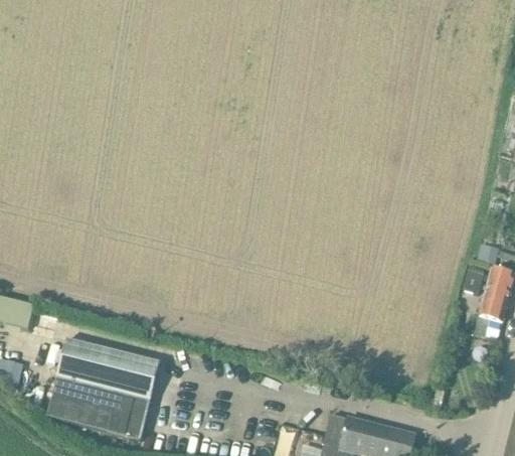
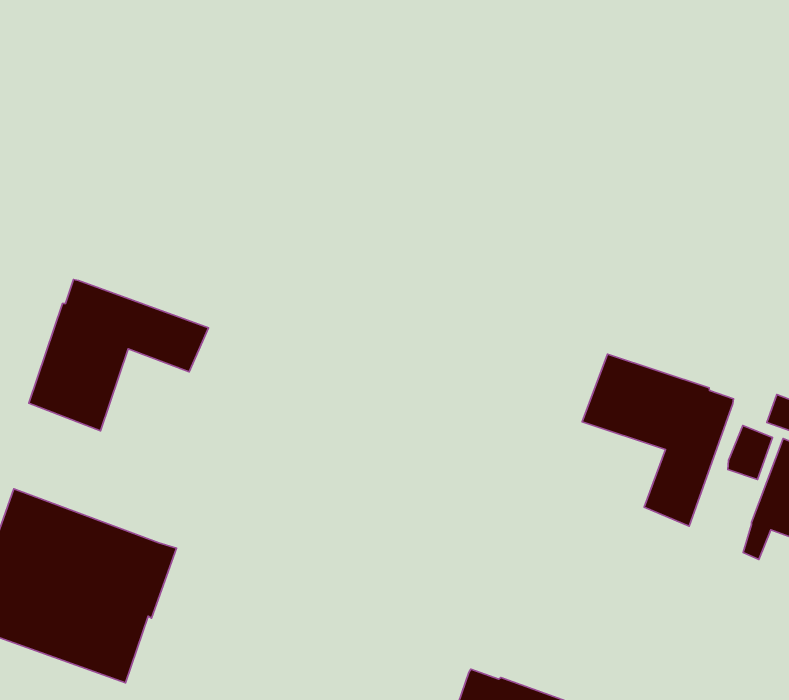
building: none -> [29,280,208,431]
building: none -> [582,354,734,526]

